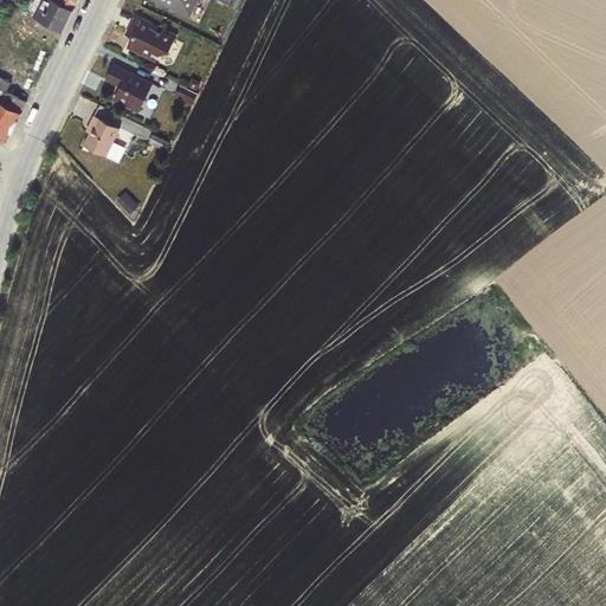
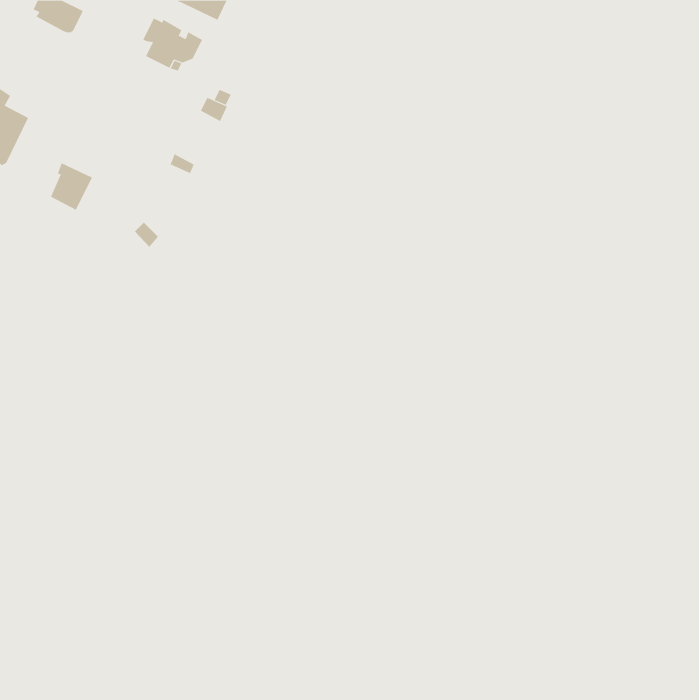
building: [104,63,152,112] -> none
building: [83,115,120,156] -> [50,162,93,210]

